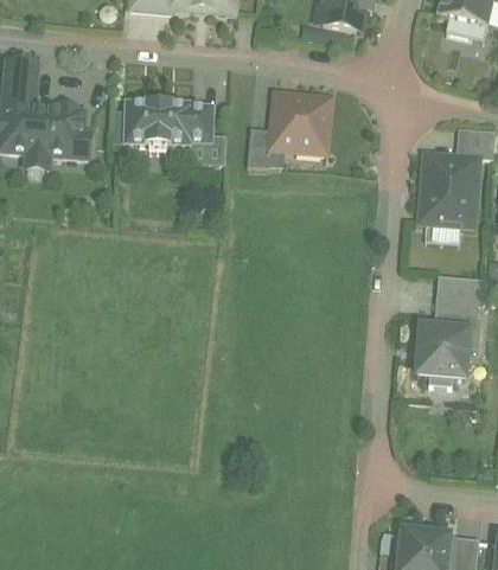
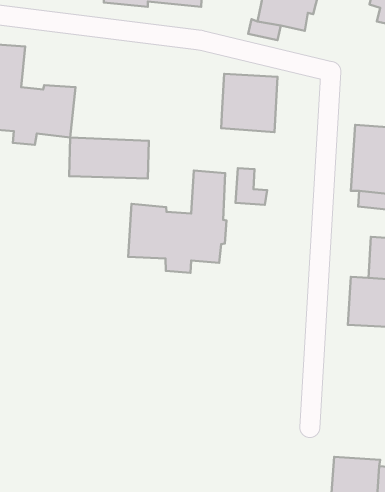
building: [132,101,222,147] -> [69,138,149,178]
building: [247,128,282,169] -> [236,168,267,205]
building: none -> [128,170,227,273]

